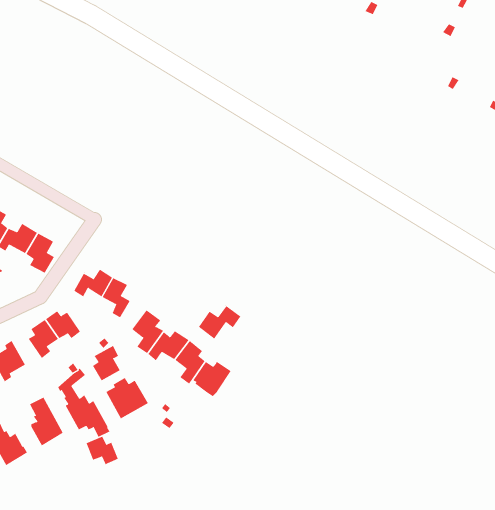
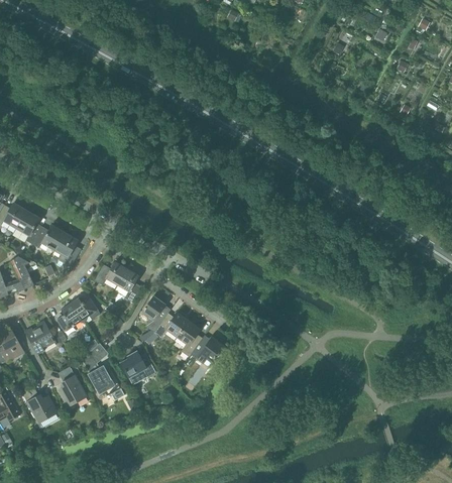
building: [198,304,241,339] -> none
building: [92,345,121,381] -> none
building: [86,436,119,467] -> none

